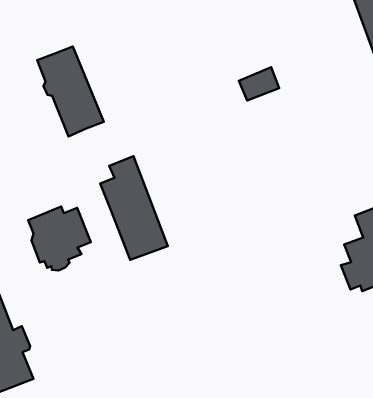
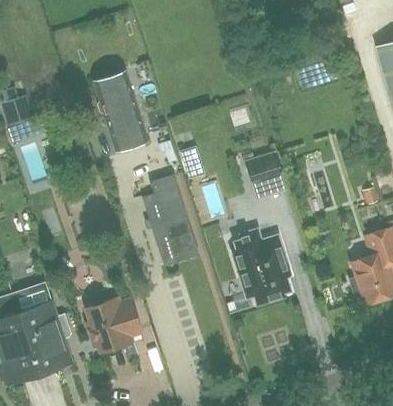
building: [239,67,279,101] -> [246,153,281,181]
building: [28,207,91,270] -> [87,298,141,354]
building: none -> [232,230,290,305]

